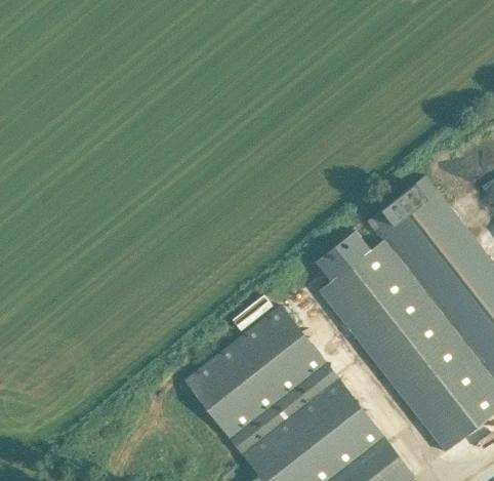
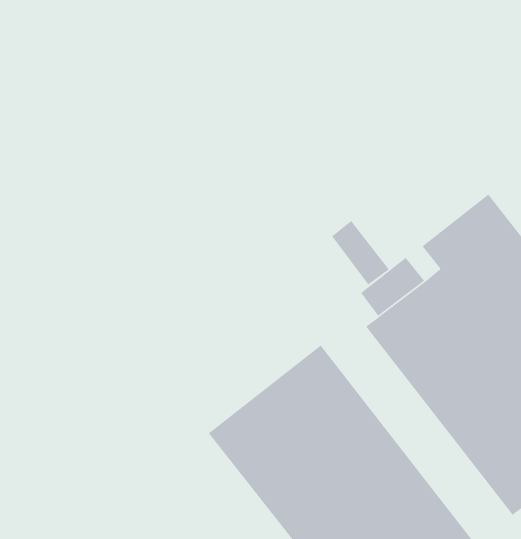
building: none -> [331,220,390,285]

